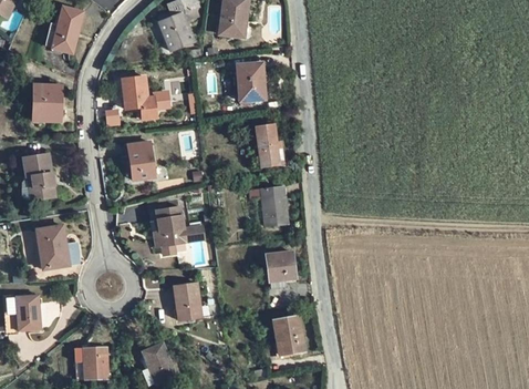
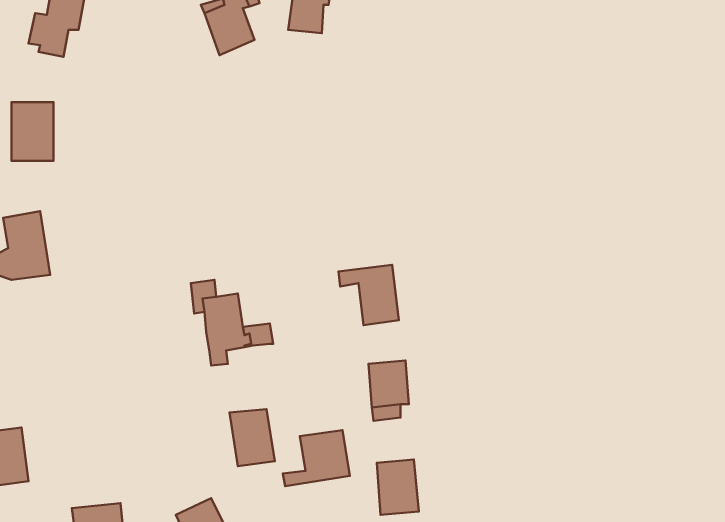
building: [232,63,264,101] -> none
building: [122,73,158,116] -> none
building: [252,126,284,168] -> none
building: [126,141,154,180] -> none
building: [38,224,70,269] -> none
building: none -> [283,430,350,486]

